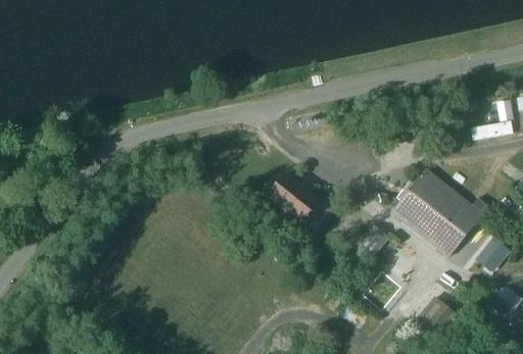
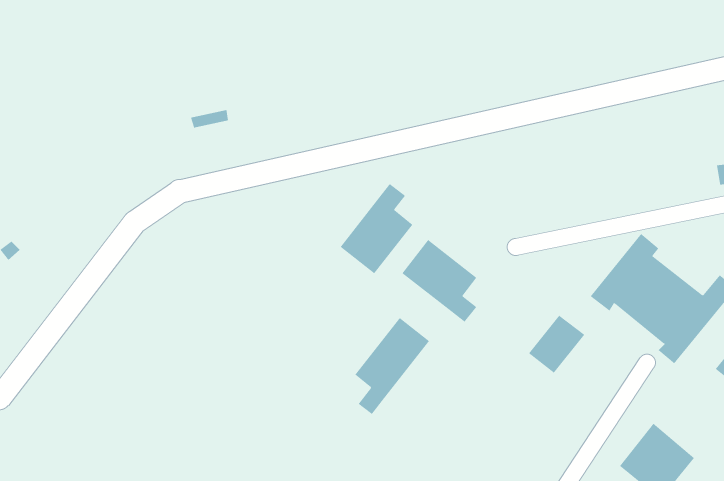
building: none -> [340,183,413,274]
building: none -> [355,317,430,415]

